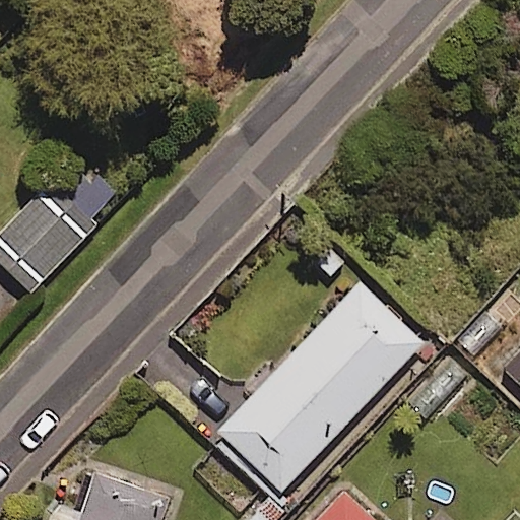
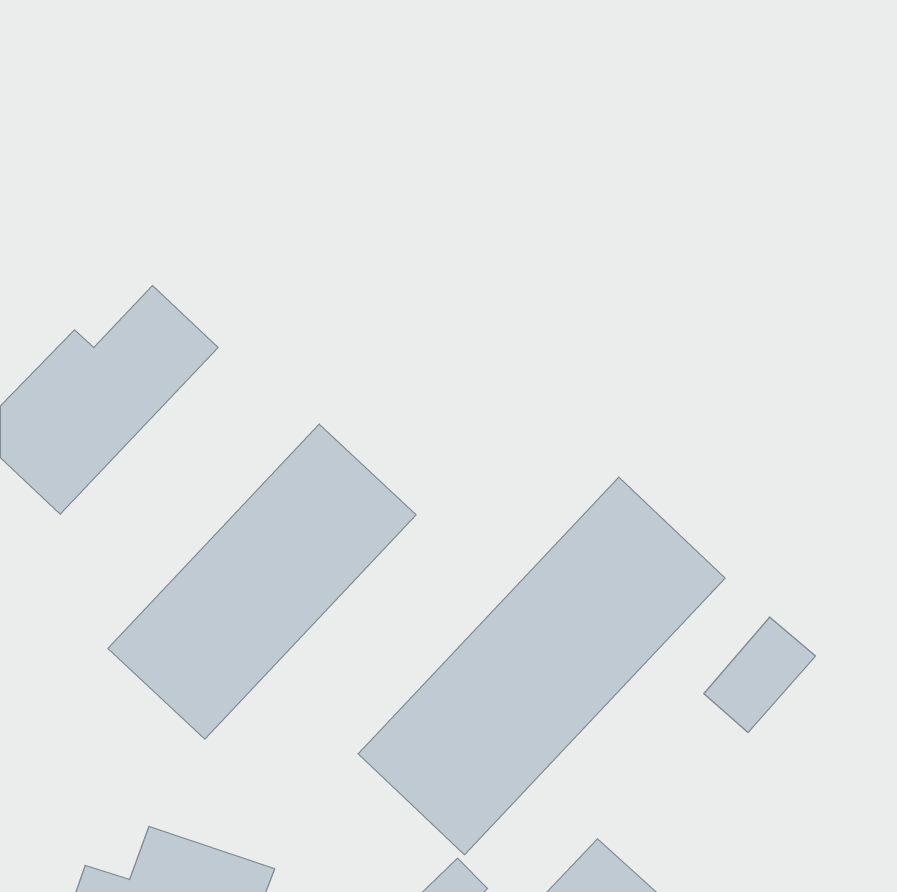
building: none -> [108,424,416,739]

